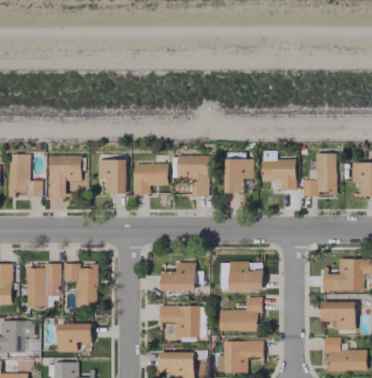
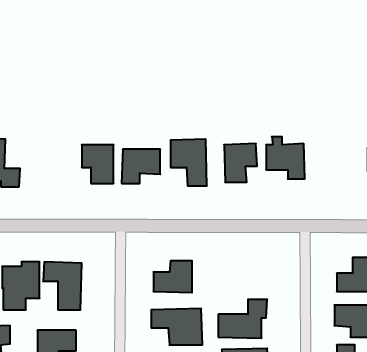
building: [302,154,336,197] -> none
building: [49,156,81,198] -> none
building: [219,263,263,290] -> none

